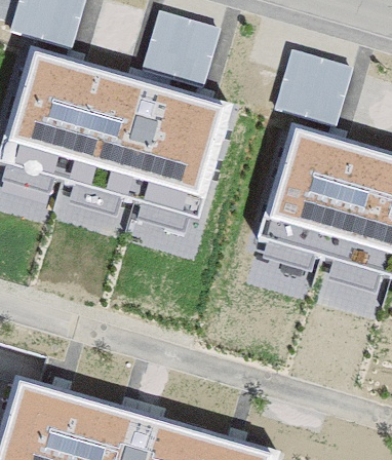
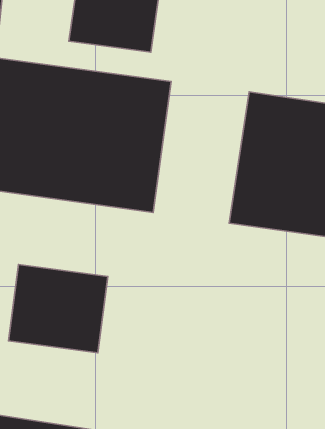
building: [275,46,353,114] -> none
building: none -> [9,264,108,353]

